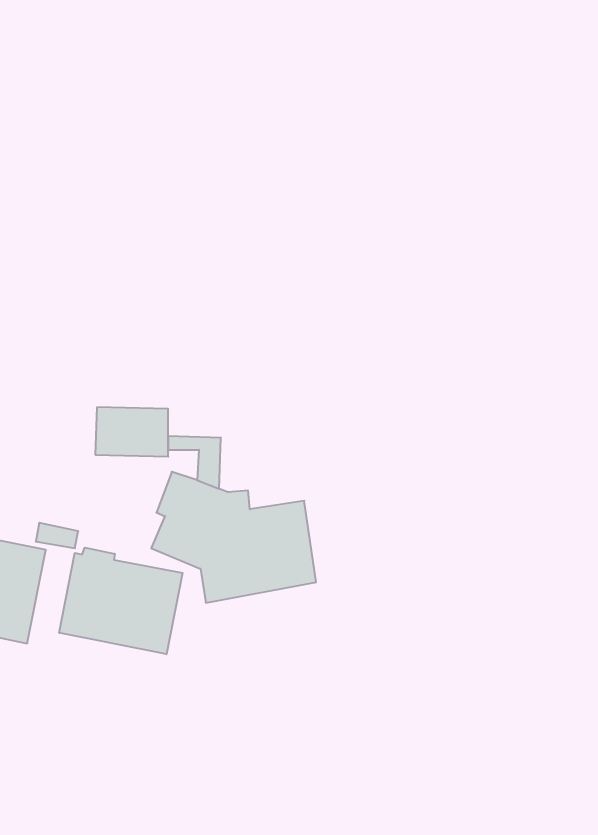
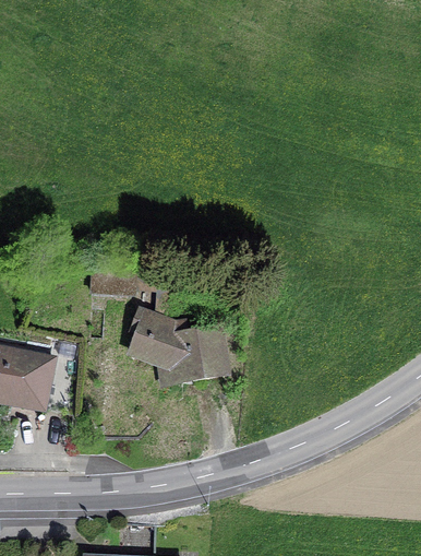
building: [59,548,183,654] -> none

